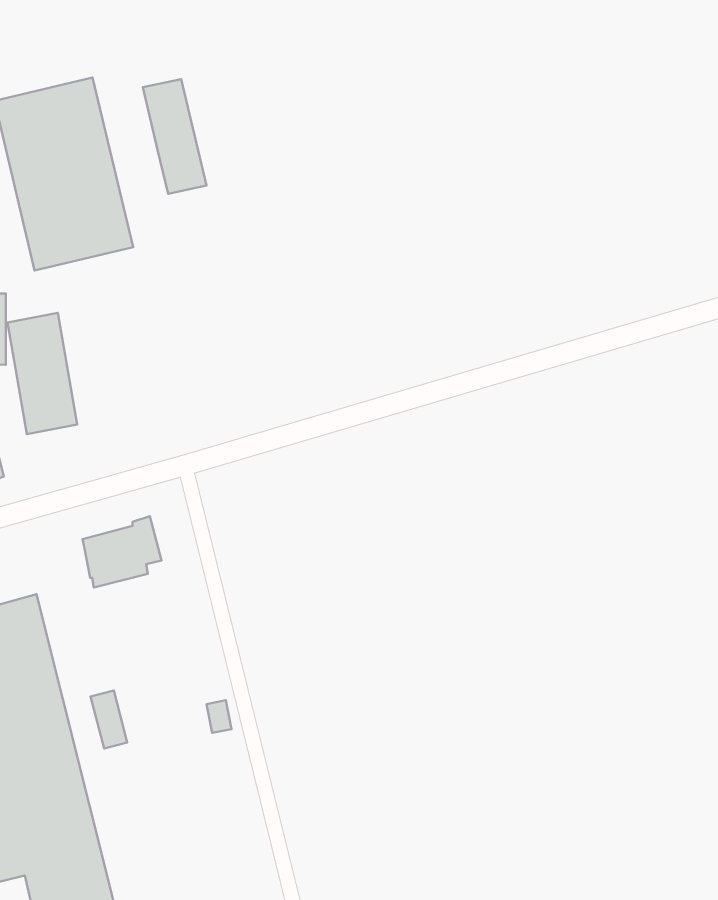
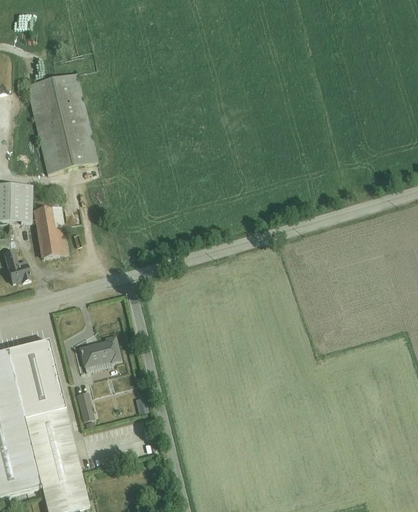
building: [143,79,206,194] -> none
building: [82,516,161,587] -> [80,335,121,372]

